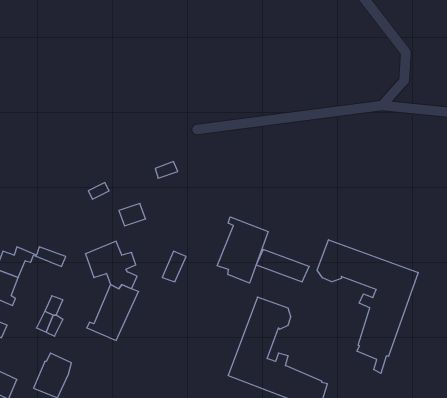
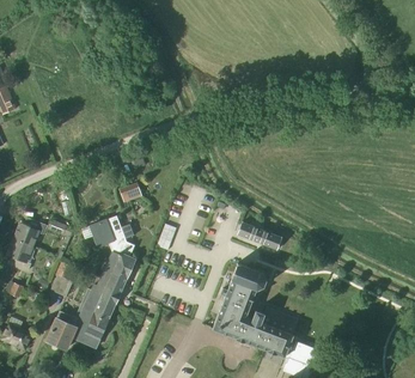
building: [217,217,268,283] -> none
building: [317,240,418,373] -> none
building: none -> [77,289,117,340]

